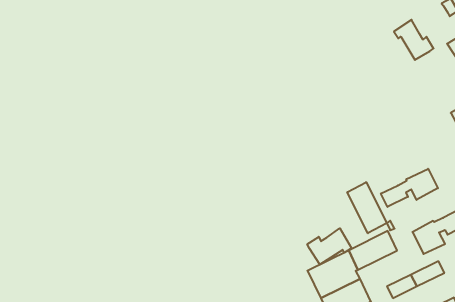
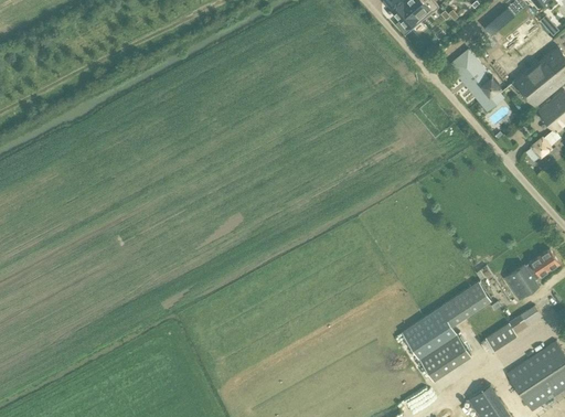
building: [381,169,438,207] -> none
building: [347,182,387,233] -> none
building: [307,228,351,265] -> none

